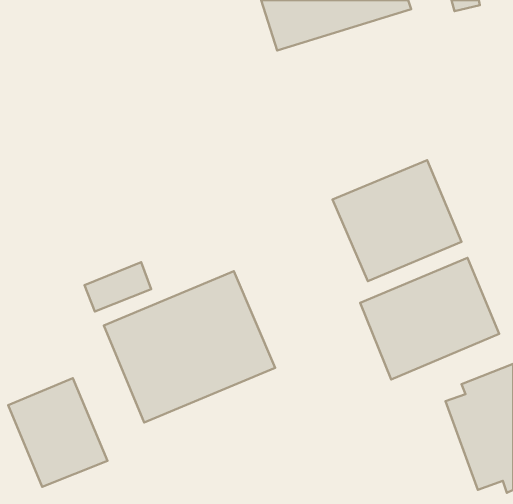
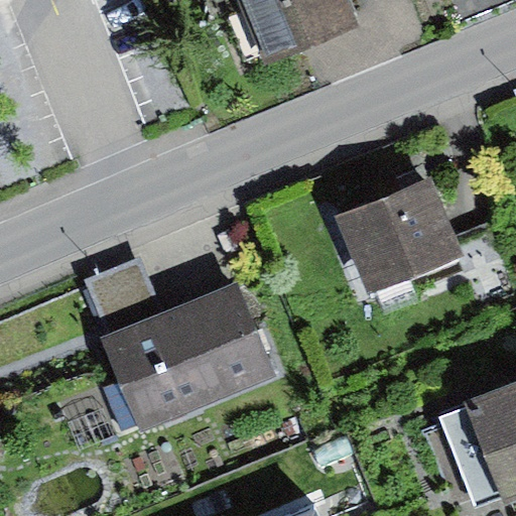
building: [360,258,499,379] -> none
building: [8,378,107,487] -> none

